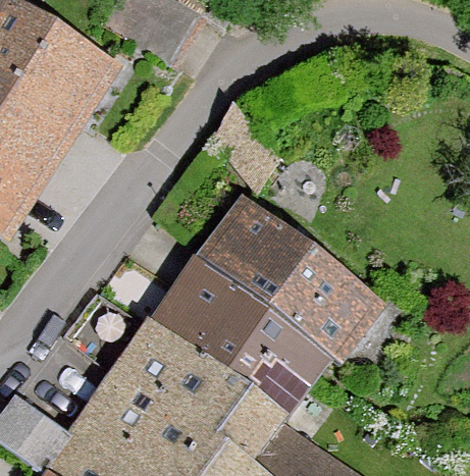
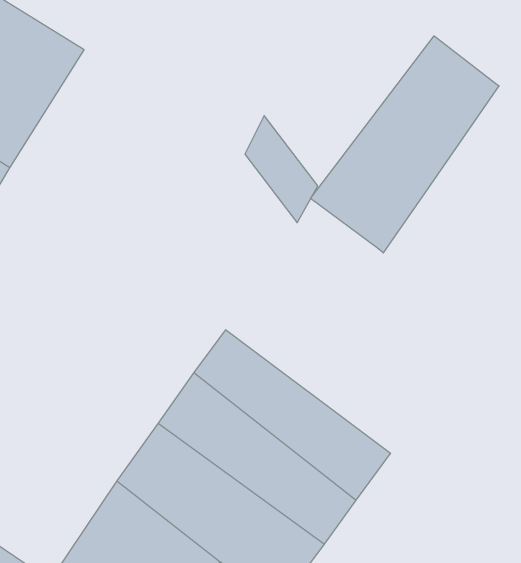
building: none -> [311,36,499,253]
building: [210,207,374,354] -> none

